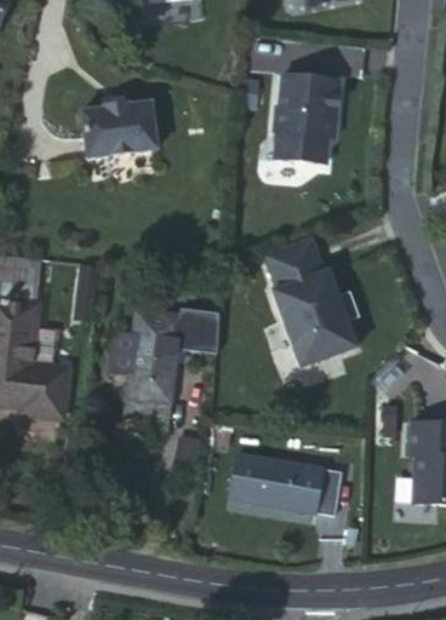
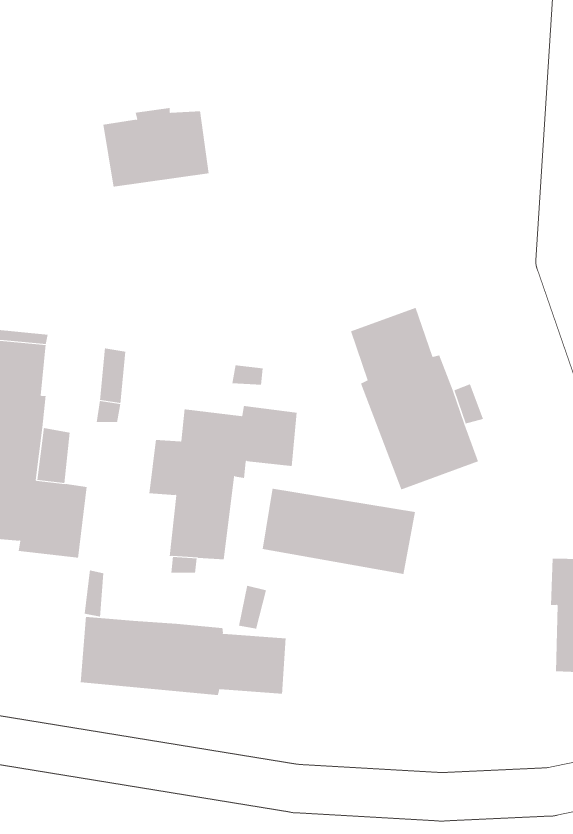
building: [275,73,339,160] -> none
building: [233,454,343,516] -> [262,488,416,575]
building: none -> [80,616,286,696]

